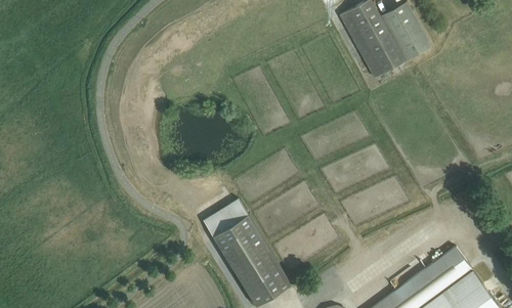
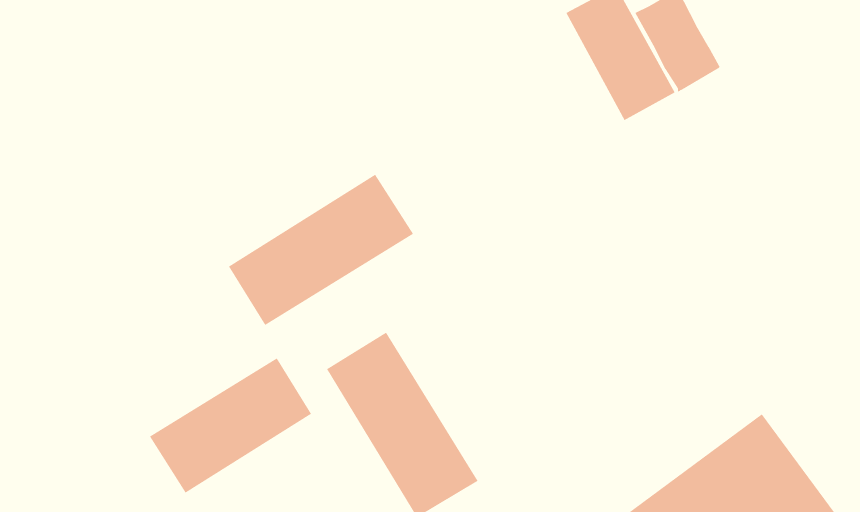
building: none -> [228,174,414,326]
building: none -> [149,357,312,493]

